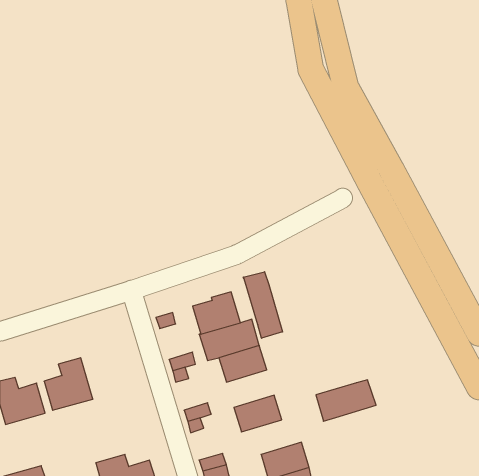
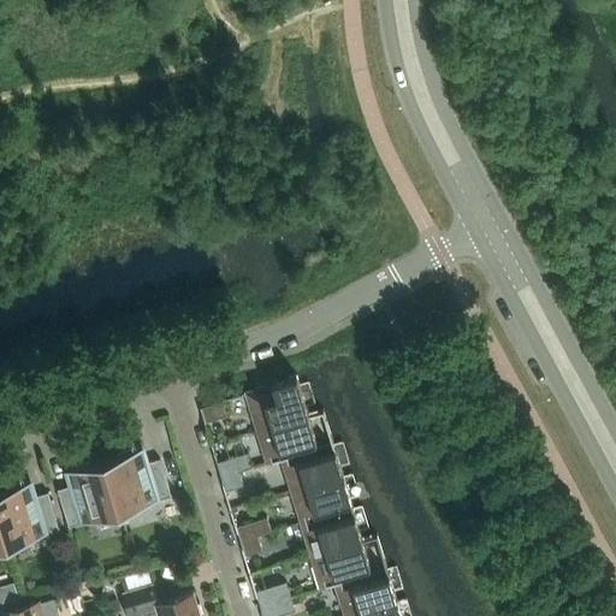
building: [243,272,283,338] -> none
building: none -> [103,455,170,516]
building: none -> [290,479,351,527]
building: [316,380,376,421] -> [309,539,386,592]

